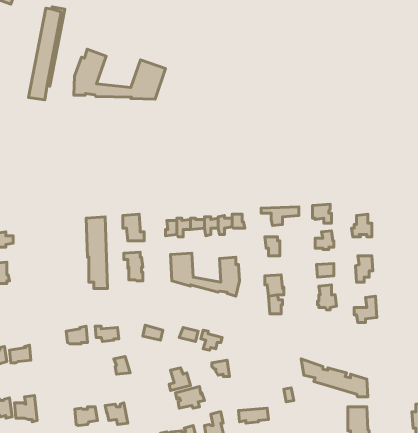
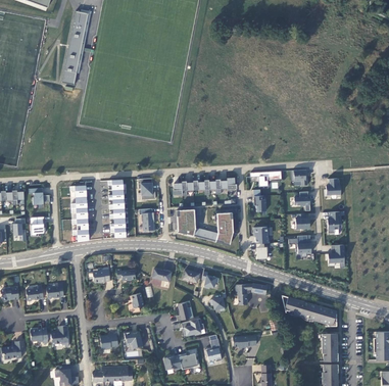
building: [74,49,165,99] -> none
building: none -> [70,186,88,241]
building: none -> [235,283,271,304]

